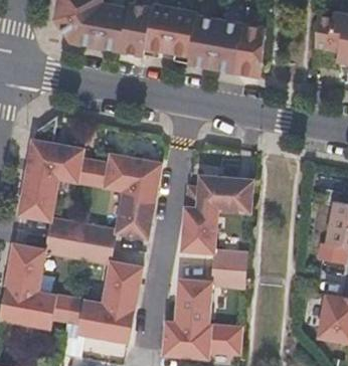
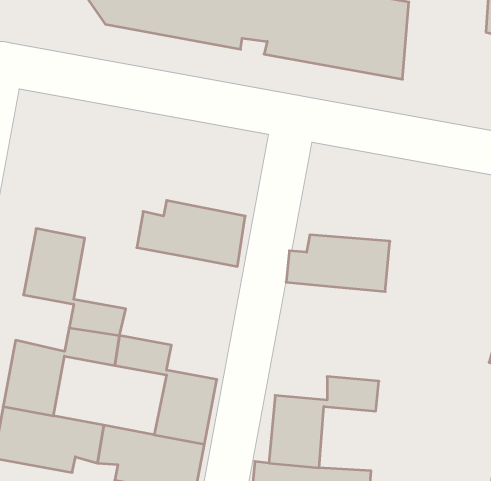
building: [26,116,95,184] -> none
building: [79,190,155,246] -> none
building: [181,206,246,269] -> none

